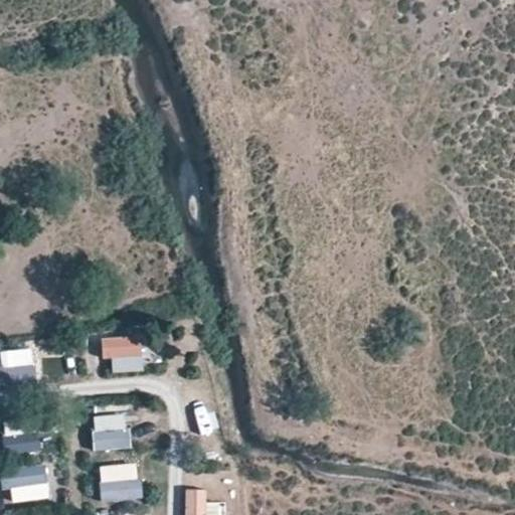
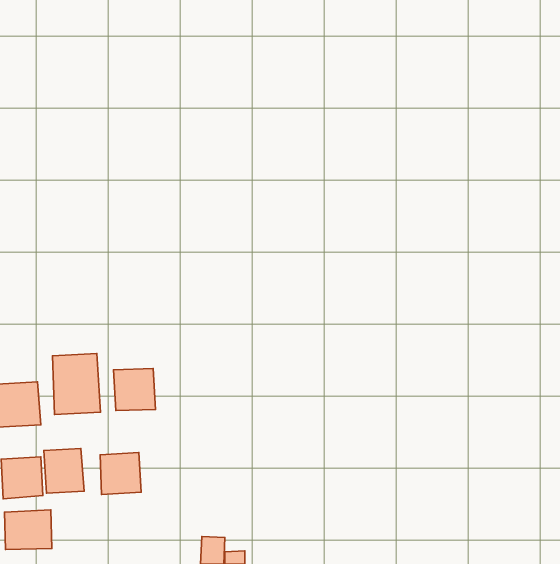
building: none -> [52,353,100,415]
building: none -> [44,448,84,493]
building: [98,463,139,502] -> none

